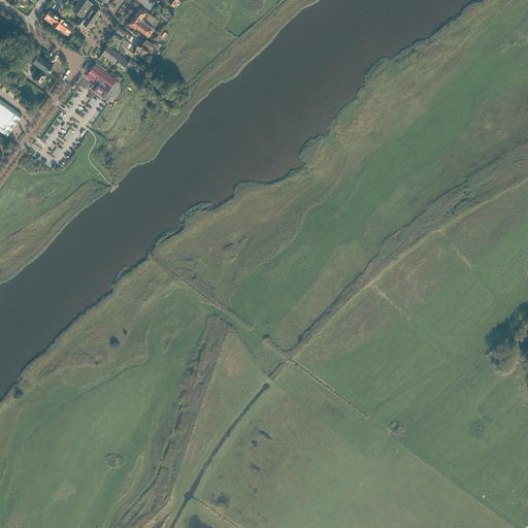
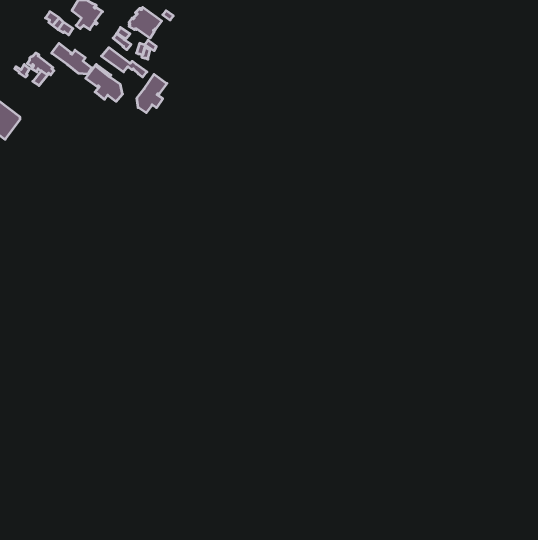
building: none -> [52,43,92,74]
building: none -> [137,74,167,113]

